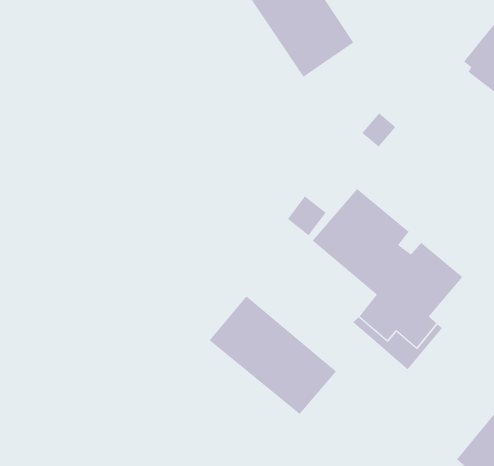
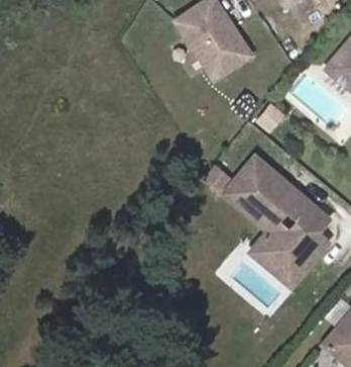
building: [209,295,337,415] -> none

